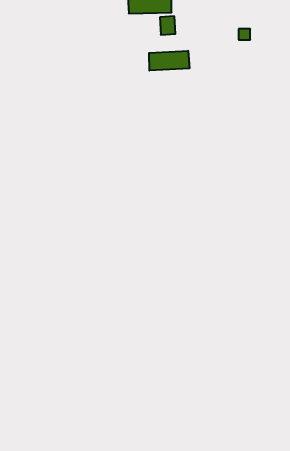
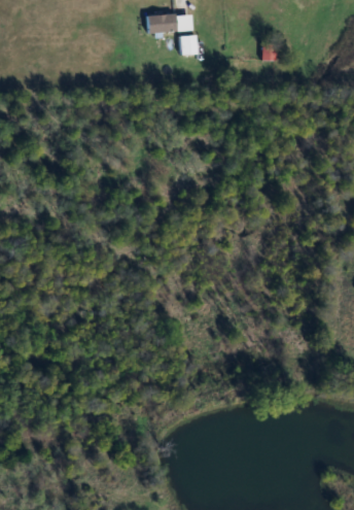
building: [149,51,189,71] -> none

